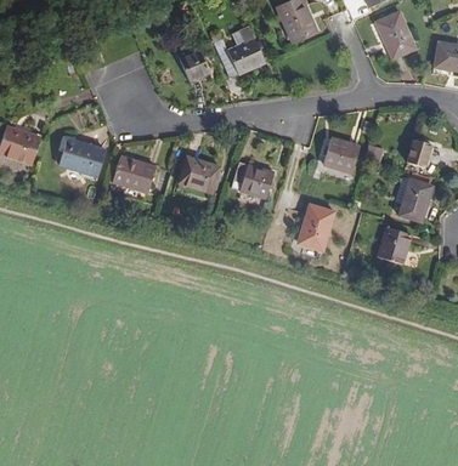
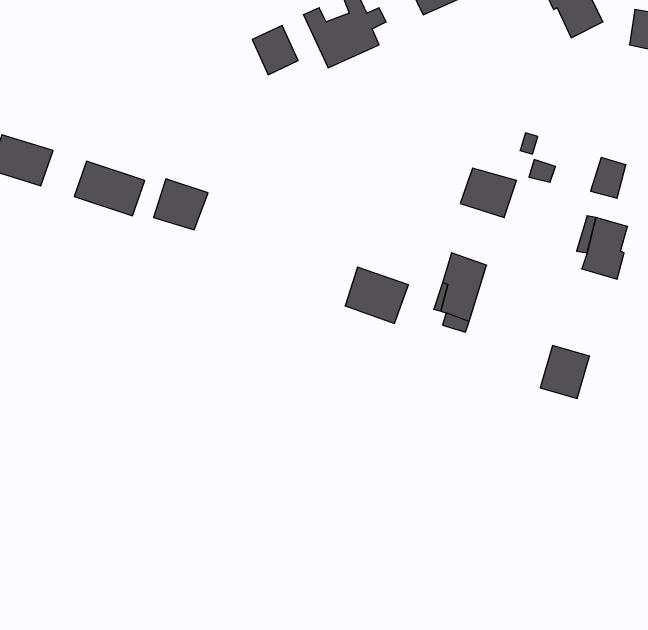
building: [174,159,215,195] -> none
building: [227,160,271,199] -> [345,267,408,323]
building: [379,227,413,263] -> [540,346,590,398]

